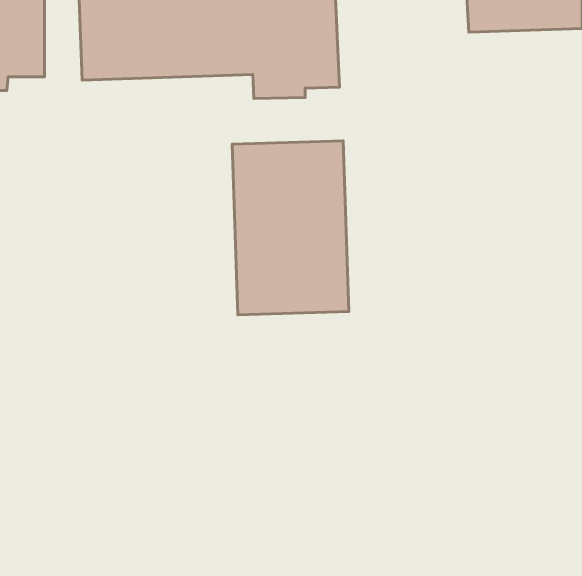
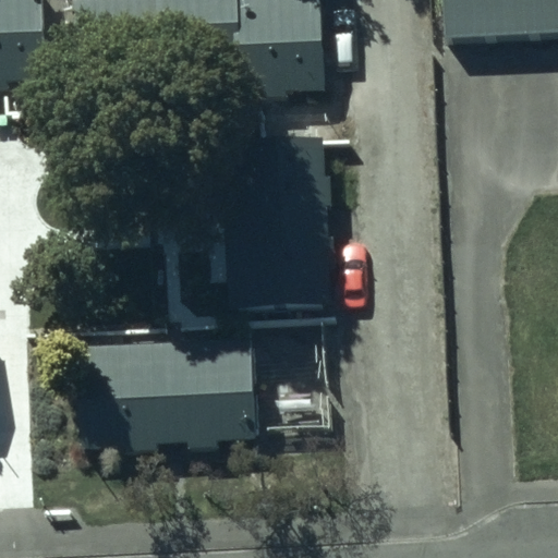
building: none -> [77,336,255,448]

